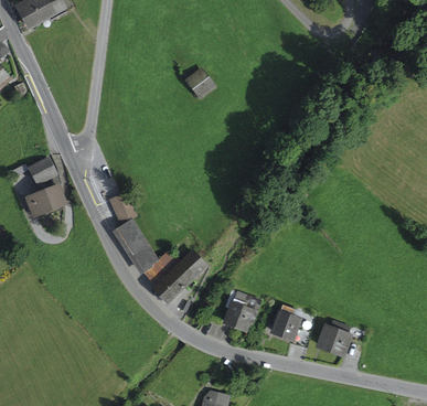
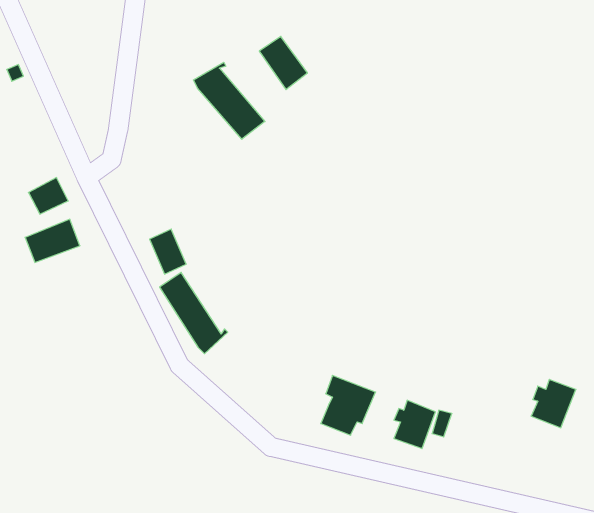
building: none -> [193,62,265,139]
building: [147,250,205,299] -> none
building: [320,321,350,353] -> [531,379,576,428]

